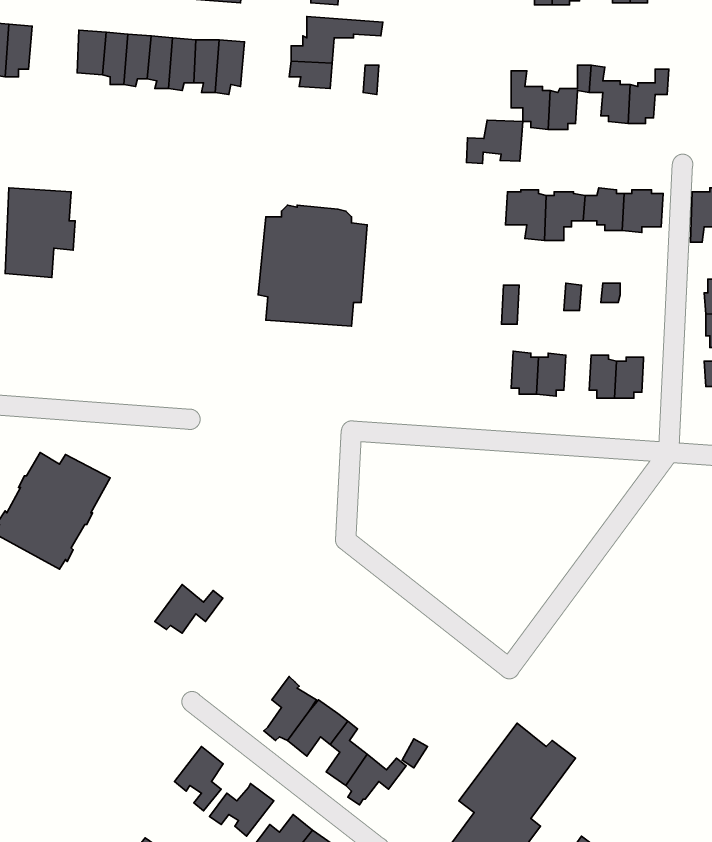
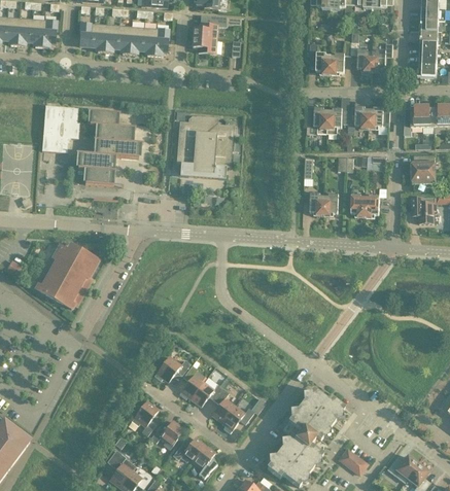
building: [467,120,523,163] -> none
building: none -> [75,108,141,185]
building: [155,585,223,633] -> [153,355,189,381]

